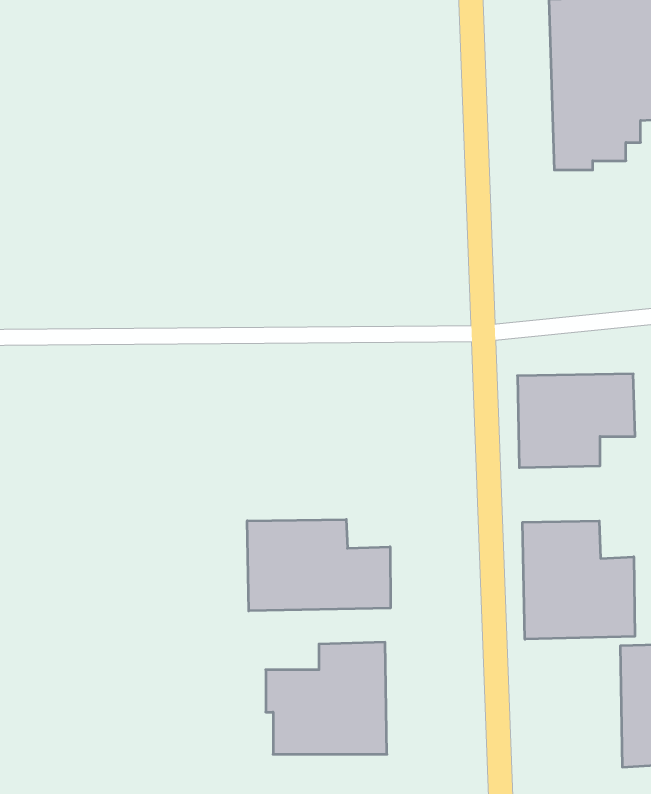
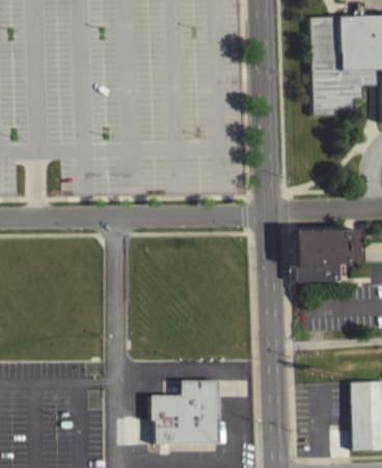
building: [247,519,390,611] -> none
building: [523,521,635,639] -> none

